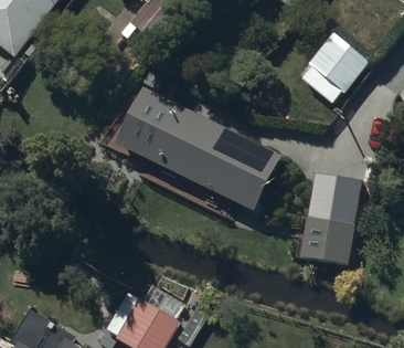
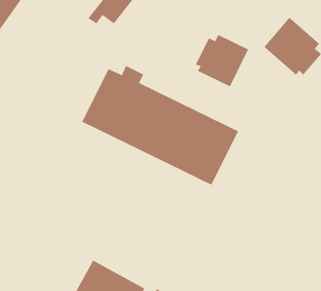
building: none -> [195,34,249,87]
building: [298,169,363,266] -> none

